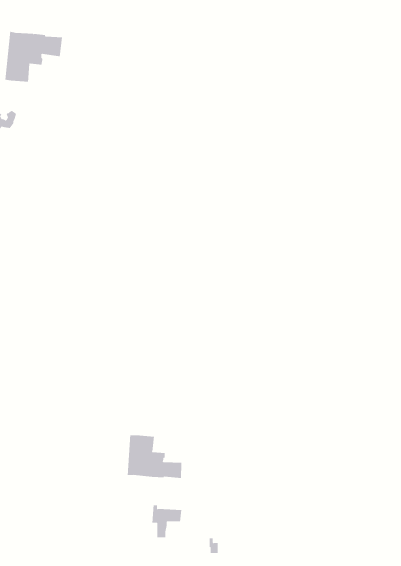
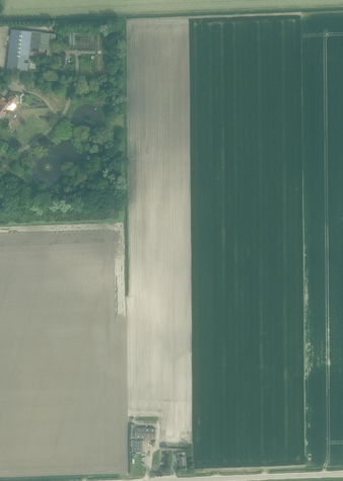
building: [127,434,182,479] -> none

